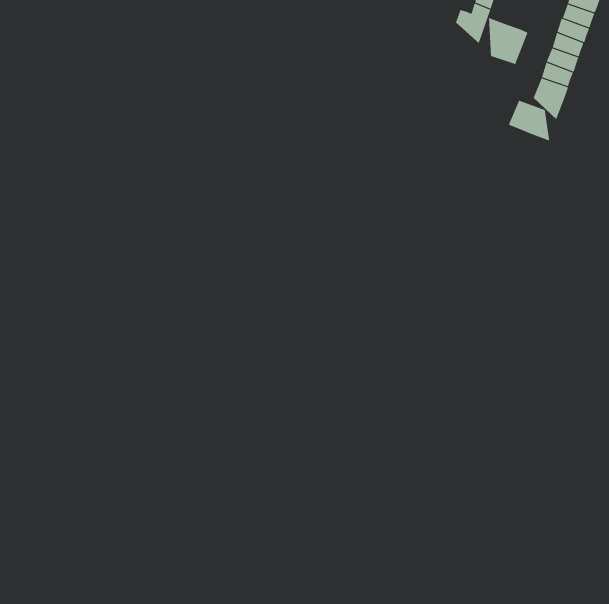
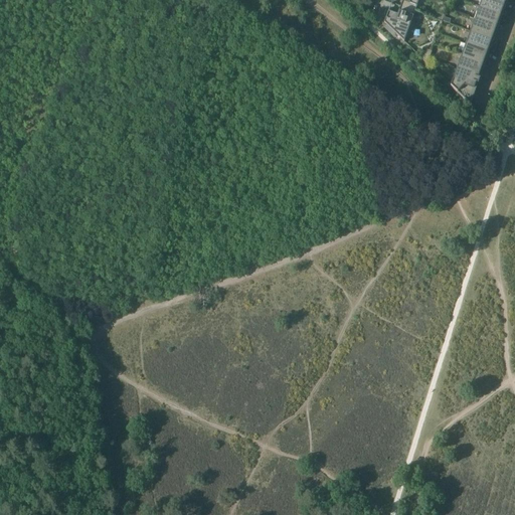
building: [488,17,528,65] -> none
building: [508,100,550,142] -> none

